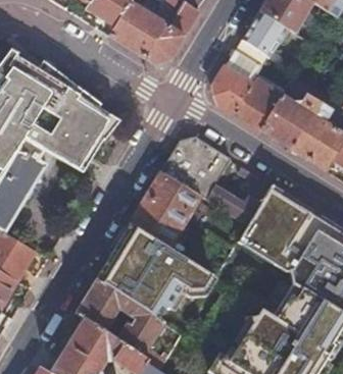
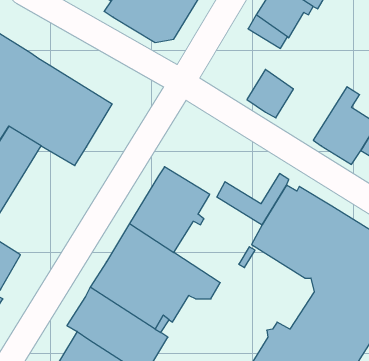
building: [212,62,251,113] -> none
building: [259,92,322,149] -> none
building: [161,137,231,199] -> none

